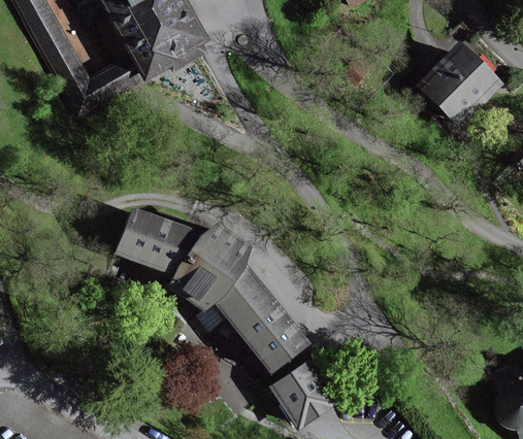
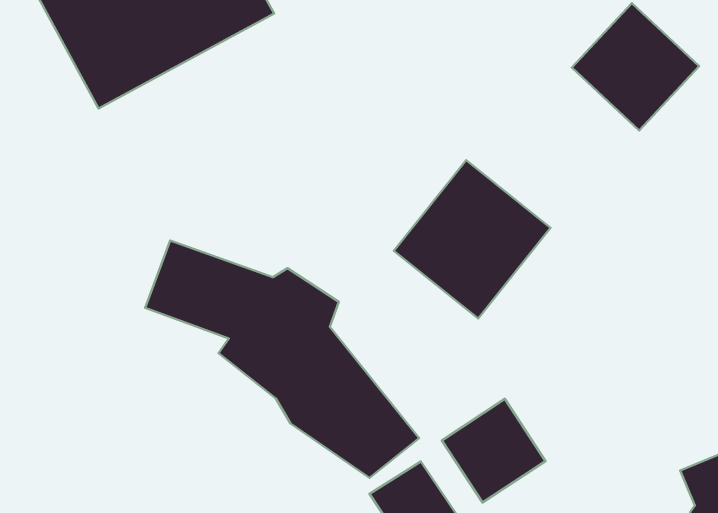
building: none -> [394,160,550,318]
building: none -> [442,399,546,503]

